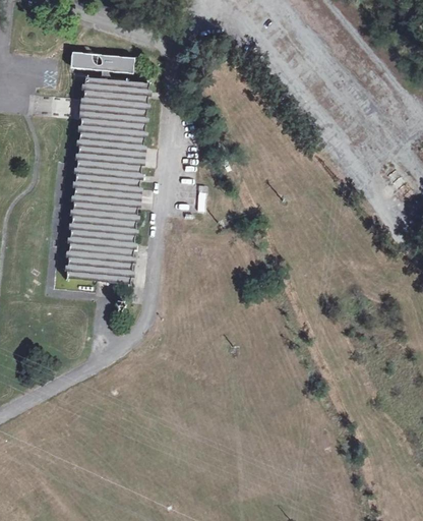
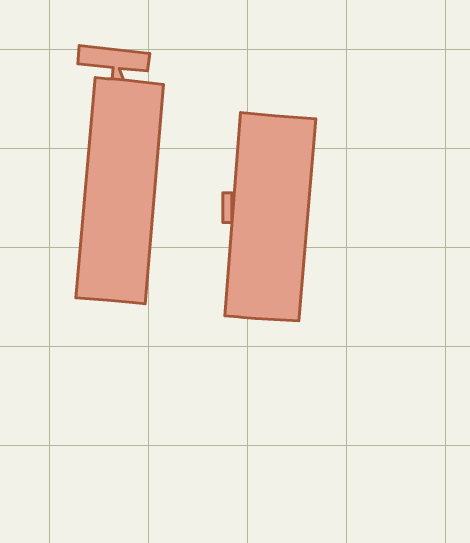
building: none -> [225,112,316,321]

